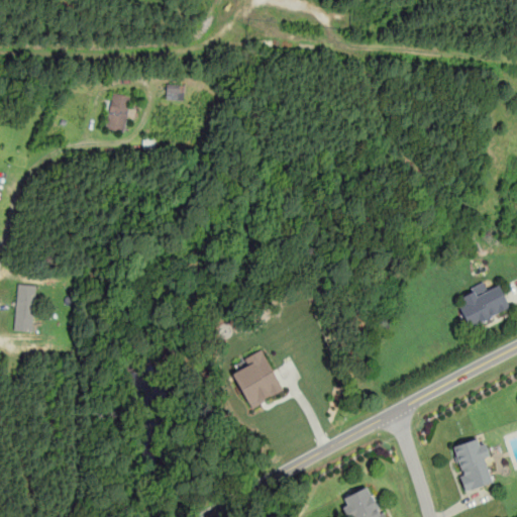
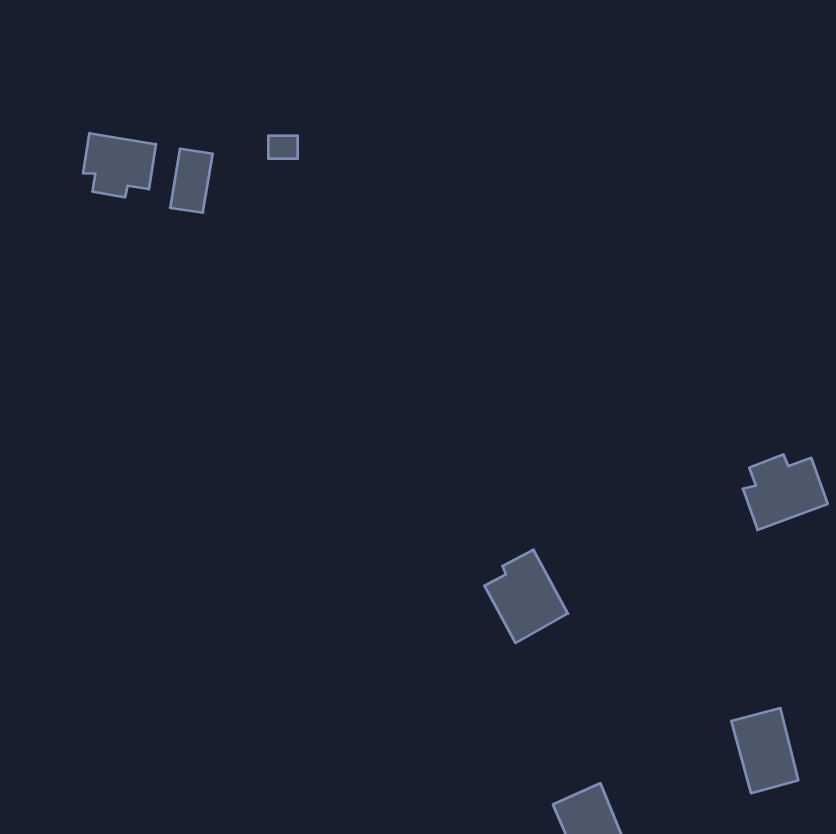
building: none -> [83,133,156,197]
building: [14,284,35,332] -> none
building: [230,350,282,408] -> [484,550,568,643]

